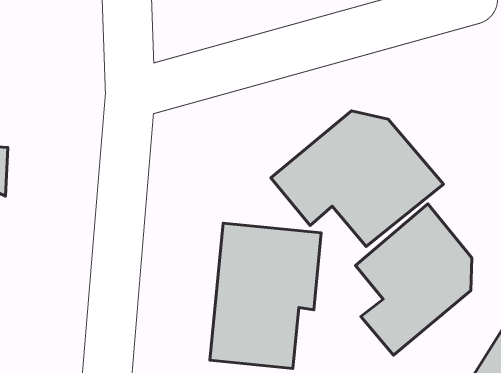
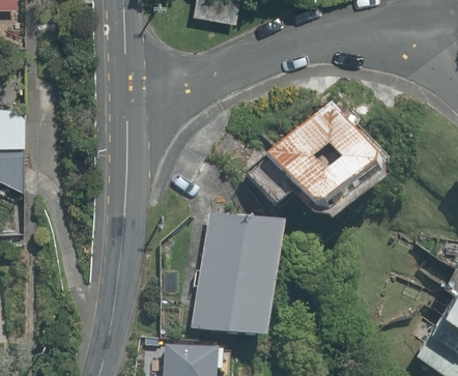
building: [356,204,472,355] -> none

